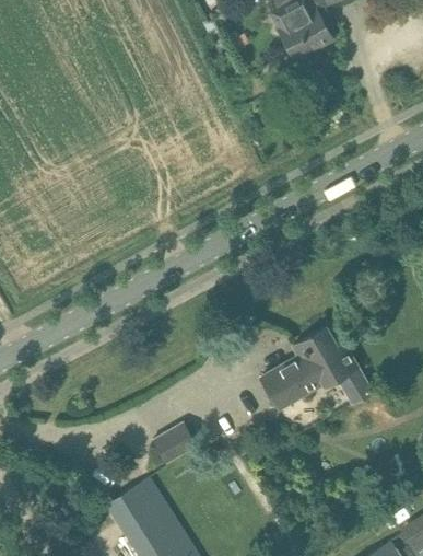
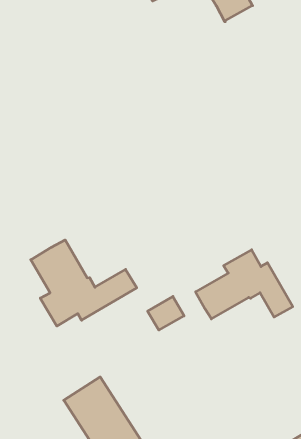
building: none -> [31,240,137,326]
building: [153,424,196,463] -> [148,296,184,330]

